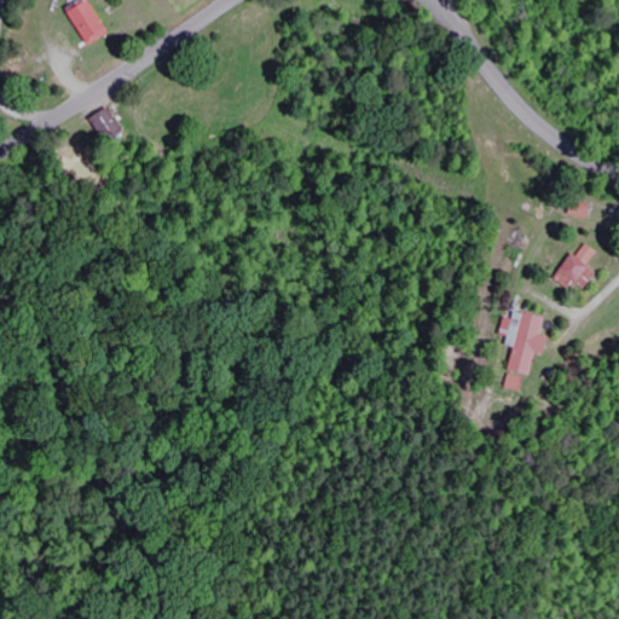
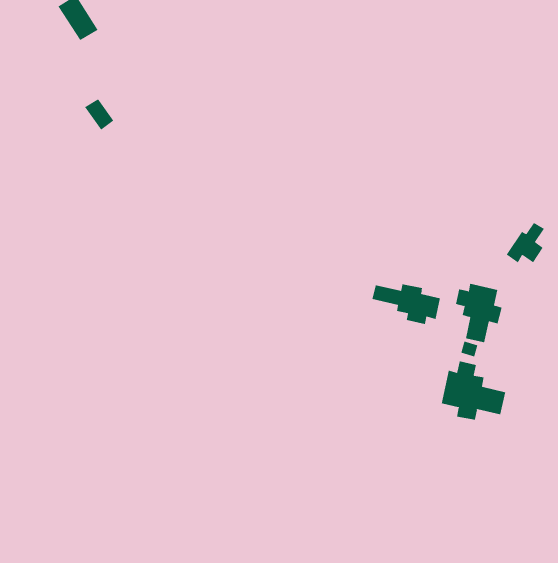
building: none -> [372,283,440,325]
building: none -> [441,361,506,420]

